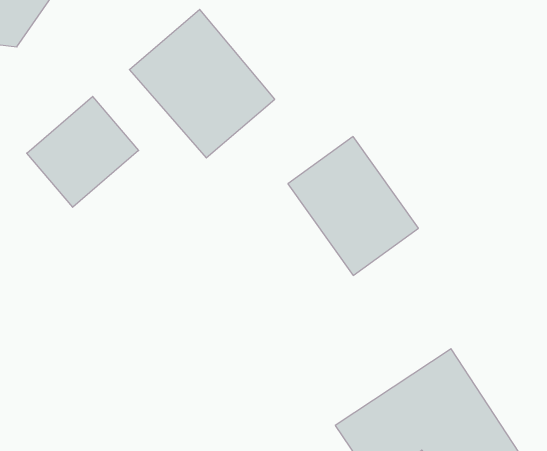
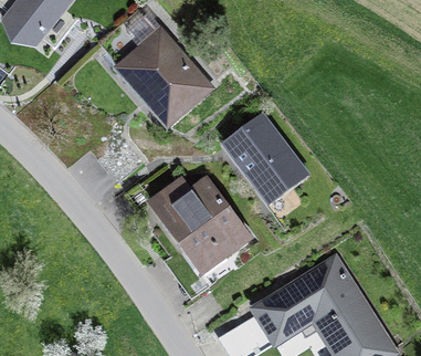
building: [27,96,139,207] -> none
building: none -> [140,169,252,286]

